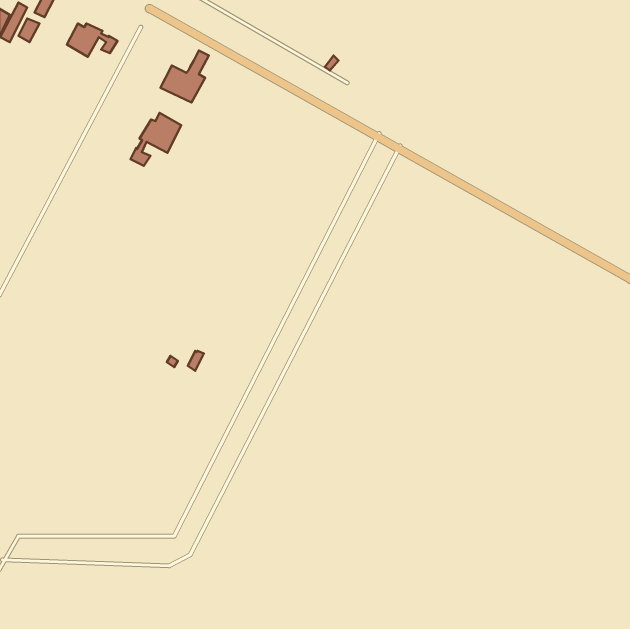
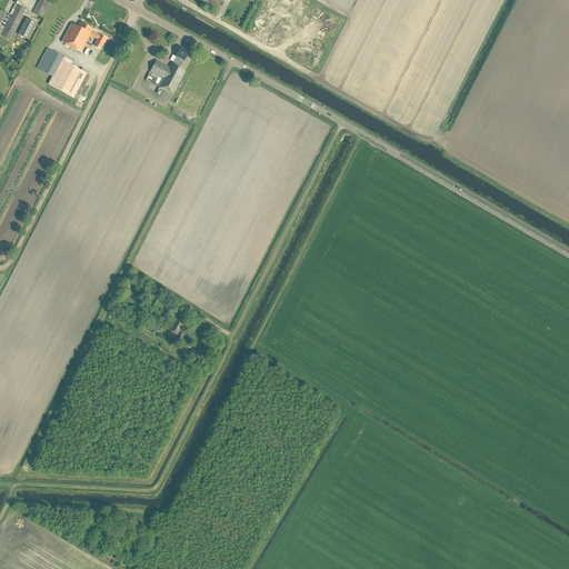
building: none -> [36,47,84,96]
building: [130,113,181,166] -> none

